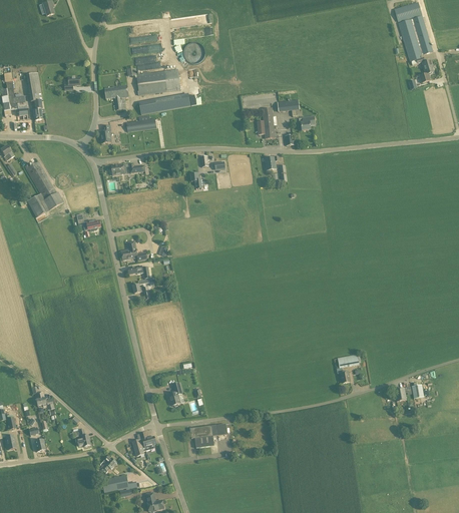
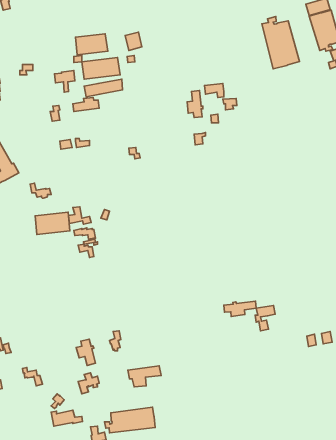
building: none -> [262,16,299,69]
building: none -> [35,212,70,235]
building: none -> [224,301,256,317]
building: none -> [76,339,96,365]
building: none -> [105,407,155,433]

